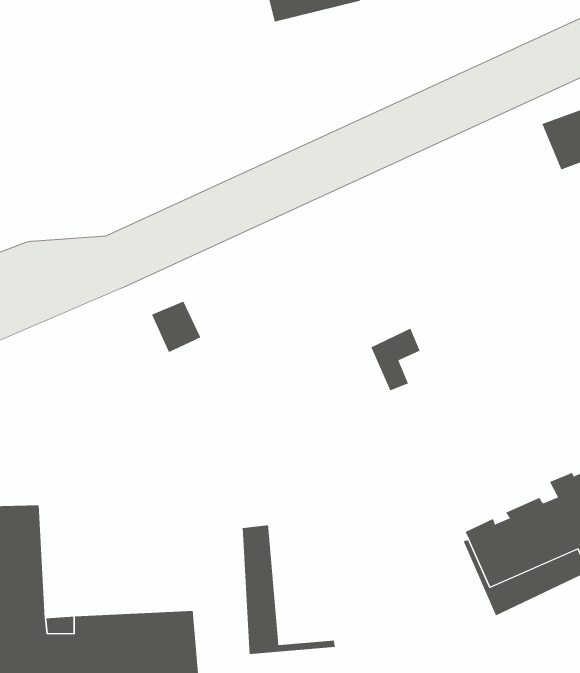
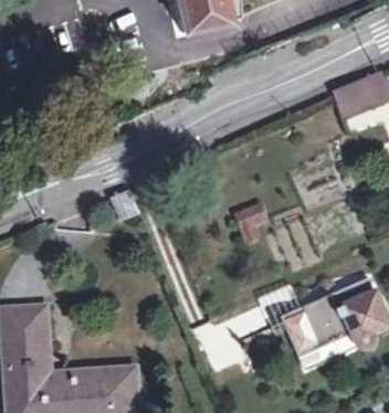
building: [242,525,336,655] -> none

